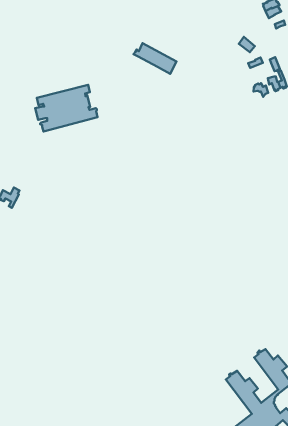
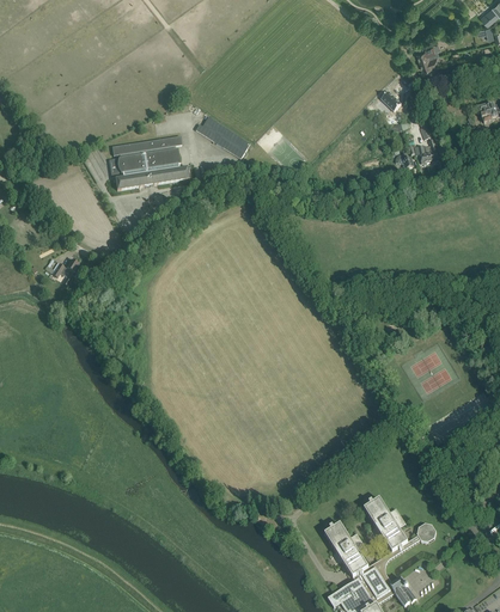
building: [134,43,176,74] -> [194,116,249,159]

